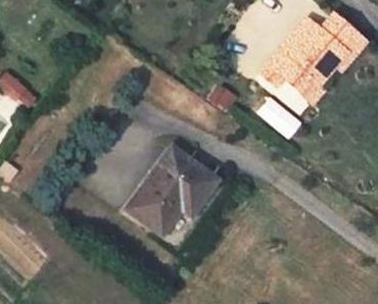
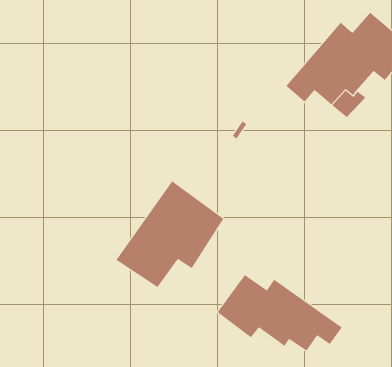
building: none -> [217,274,342,351]

